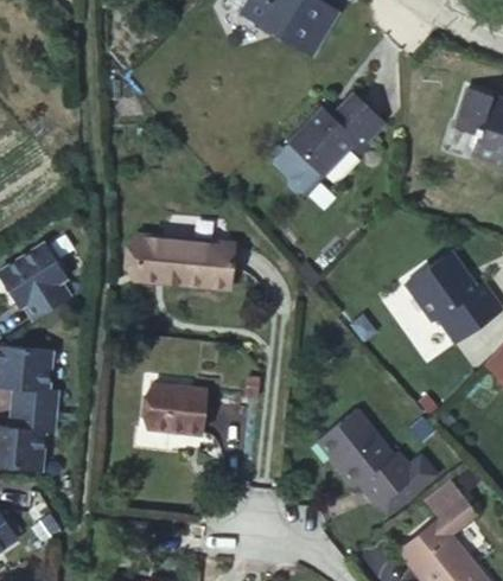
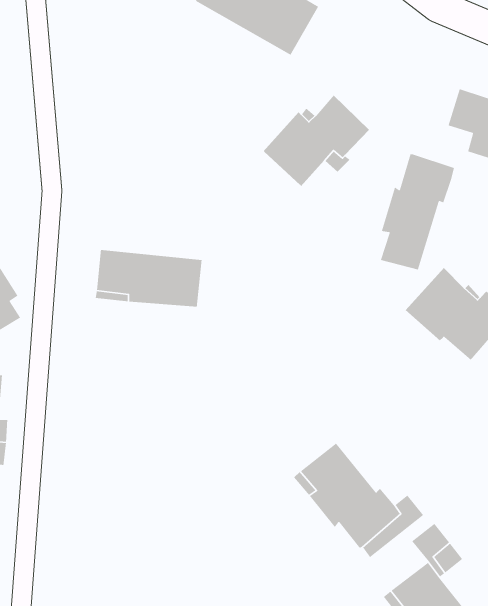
building: [269,145,321,196] -> none
building: none -> [380,153,455,271]
building: [149,383,210,434] -> none

